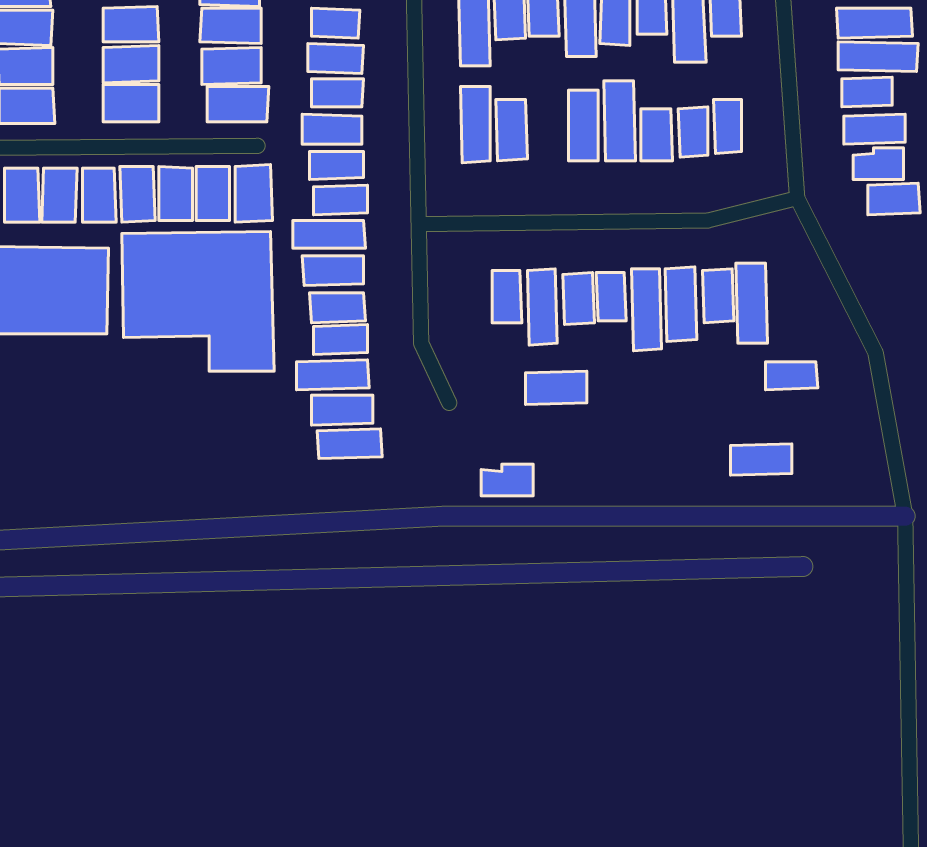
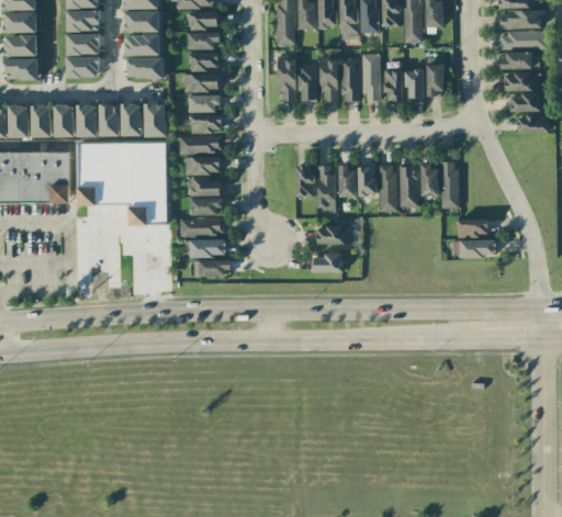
building: none -> [318,57,337,101]
building: [730,444,792,475] -> [459,239,495,258]
building: [481,464,533,496] -> [311,254,341,272]

